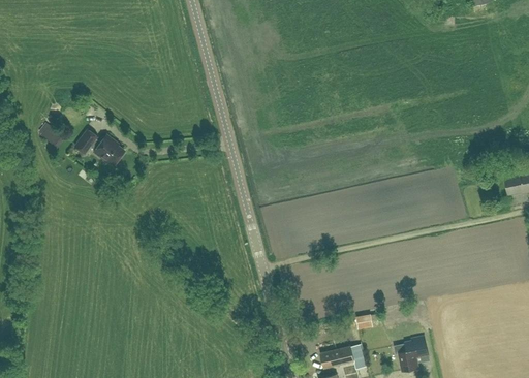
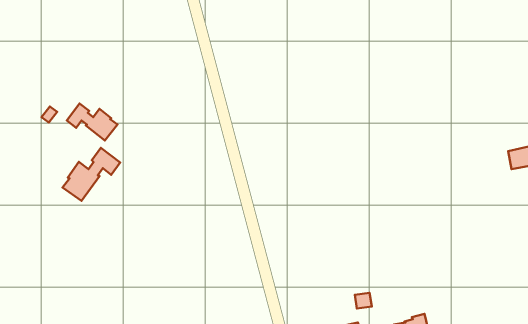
building: none -> [62,148,120,201]

